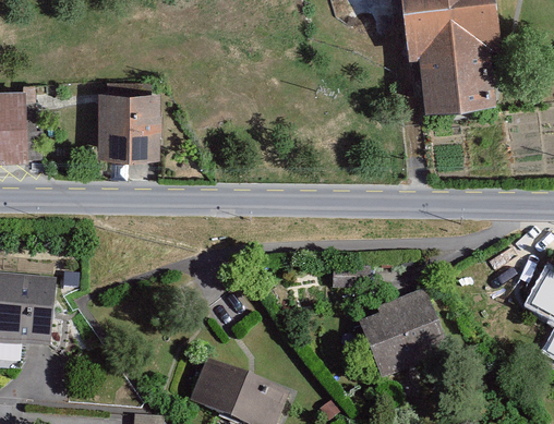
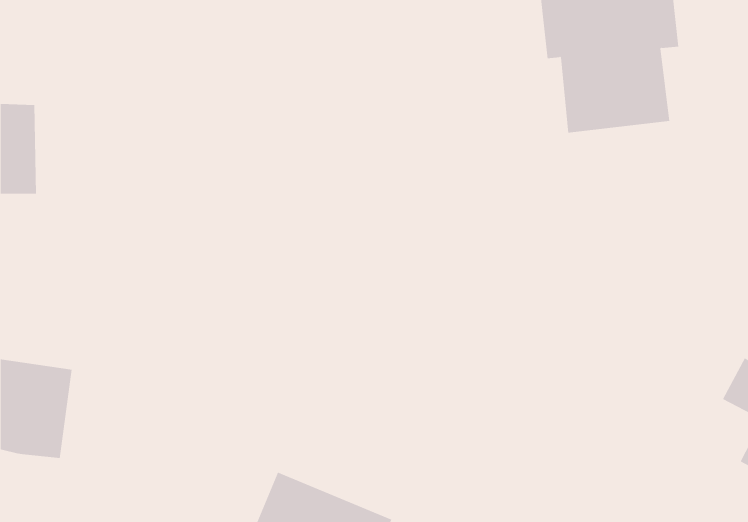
building: [99,87,160,149] -> none
building: [353,293,446,381] -> none

